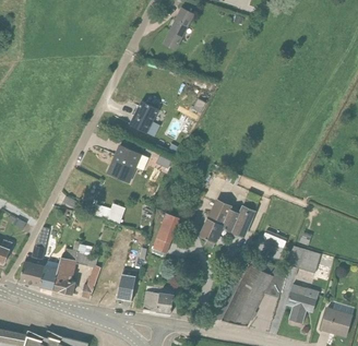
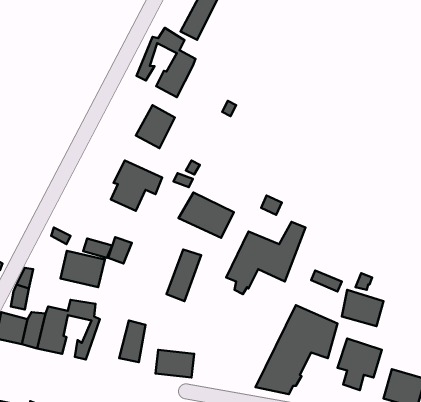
building: none -> [137,28,195,97]
building: none -> [178,193,234,238]
building: none -> [60,251,105,287]

